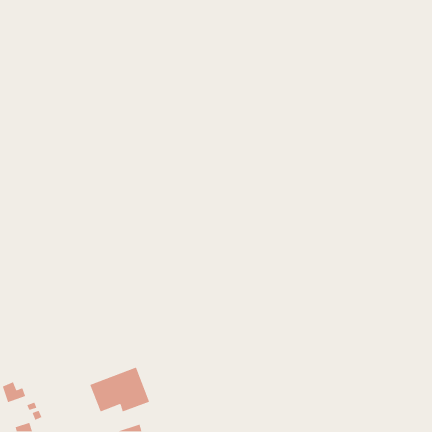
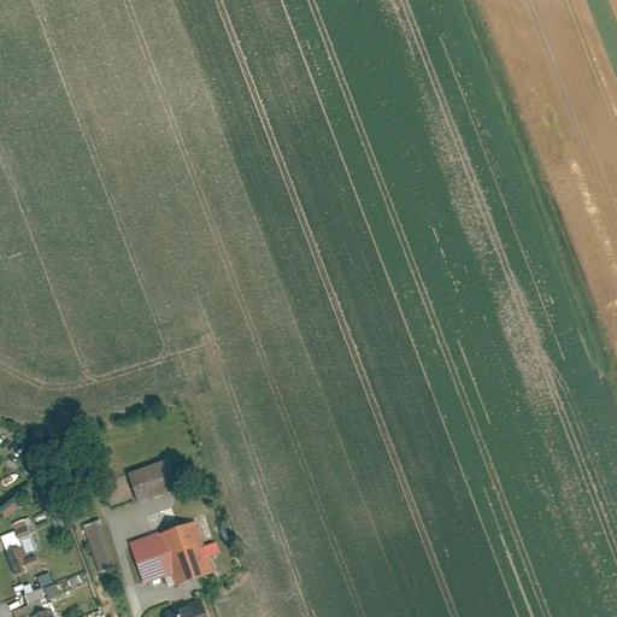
building: none -> [131,456,181,500]
building: none -> [84,518,113,570]

